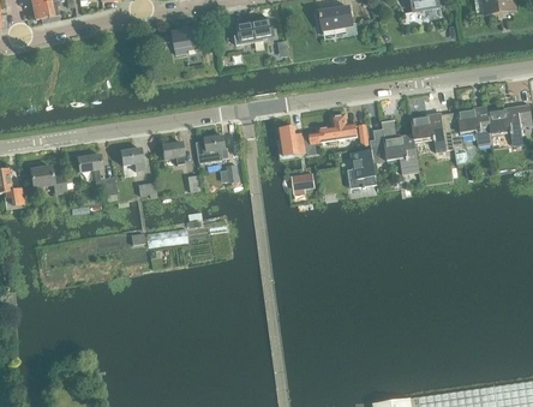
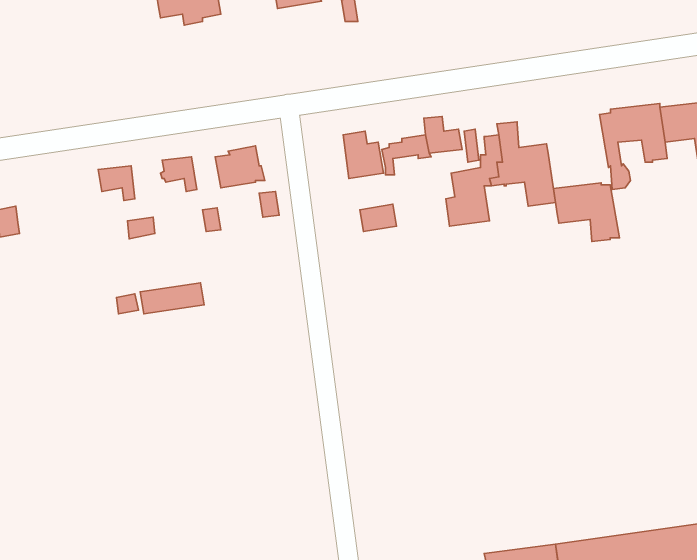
building: [411,113,454,151] -> [553,183,619,241]
building: [77,154,116,200] -> none

